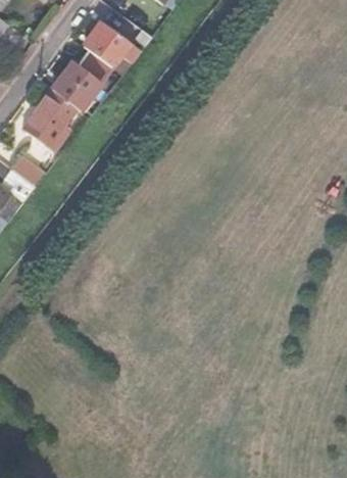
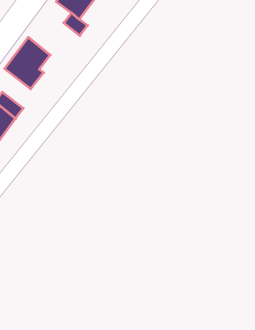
building: [51,61,99,110] -> none

